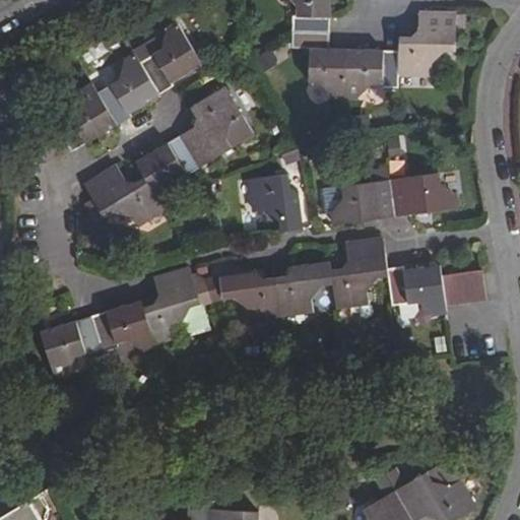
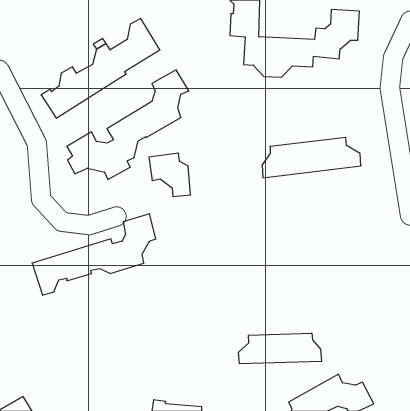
building: [250,176,303,231] -> [149,153,191,197]
building: [220,239,483,315] -> none
building: none -> [239,333,322,364]

